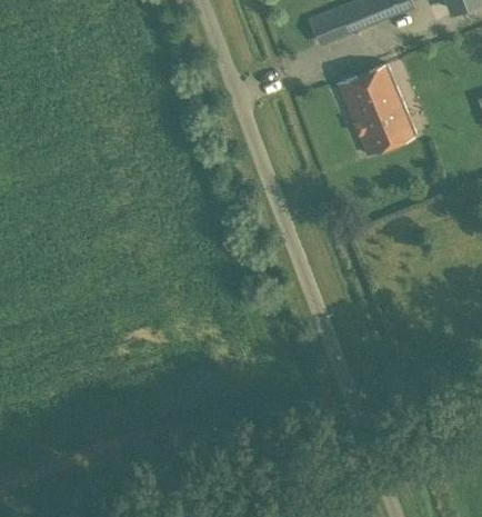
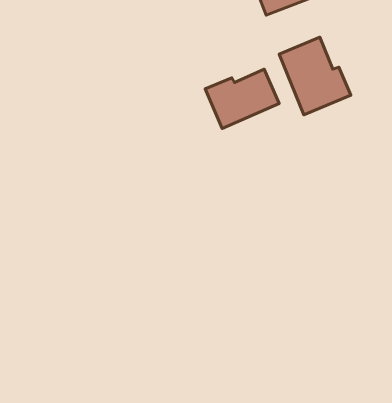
building: none -> [205,69,279,129]

